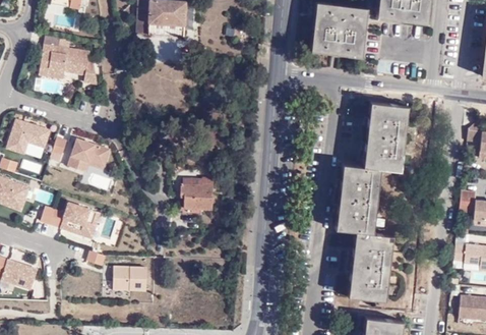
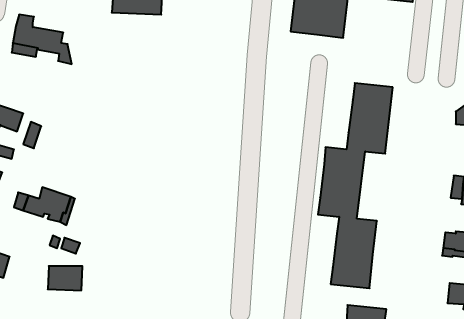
building: [67,139,111,173] -> none
building: [181,183,212,215] -> none
building: [113,268,146,291] -> [48,266,82,290]

